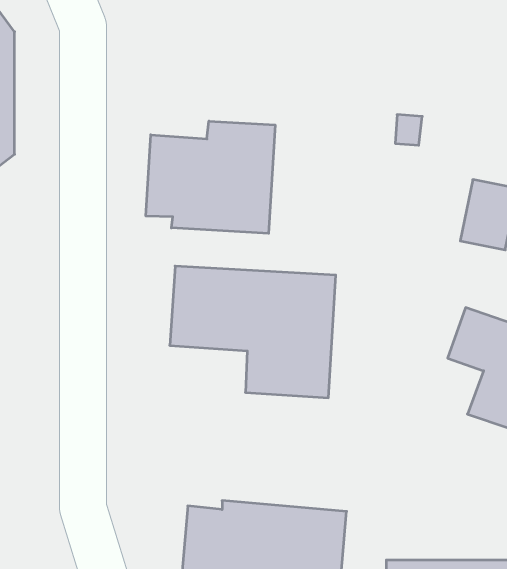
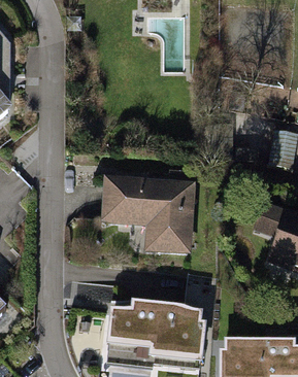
building: [146,121,275,233] -> none

